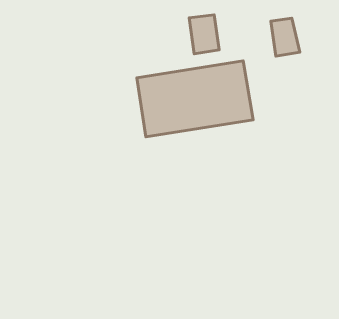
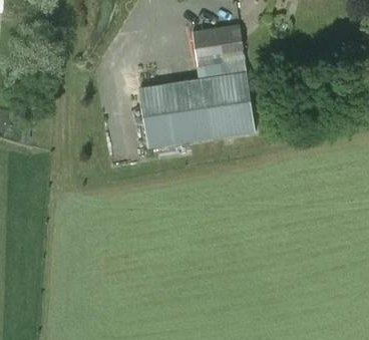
building: [271,18,300,56] -> [216,24,245,62]

